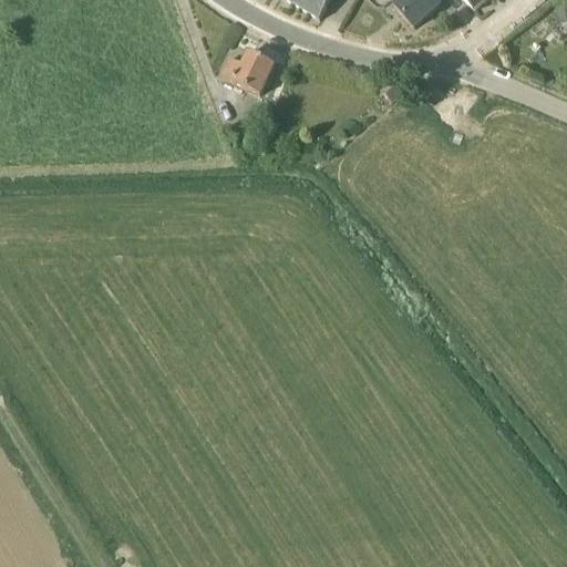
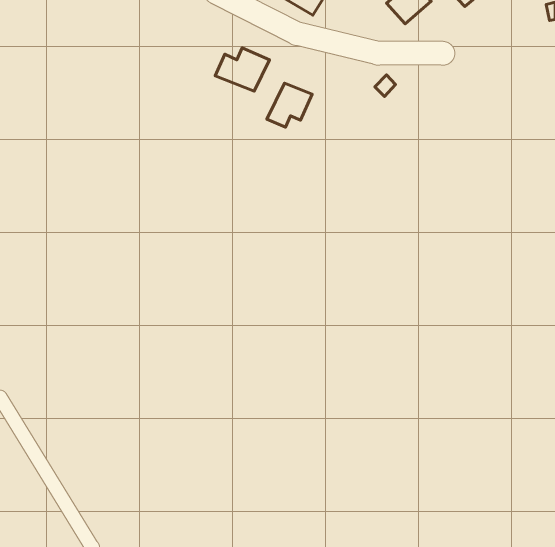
building: none -> [267,83,312,127]

